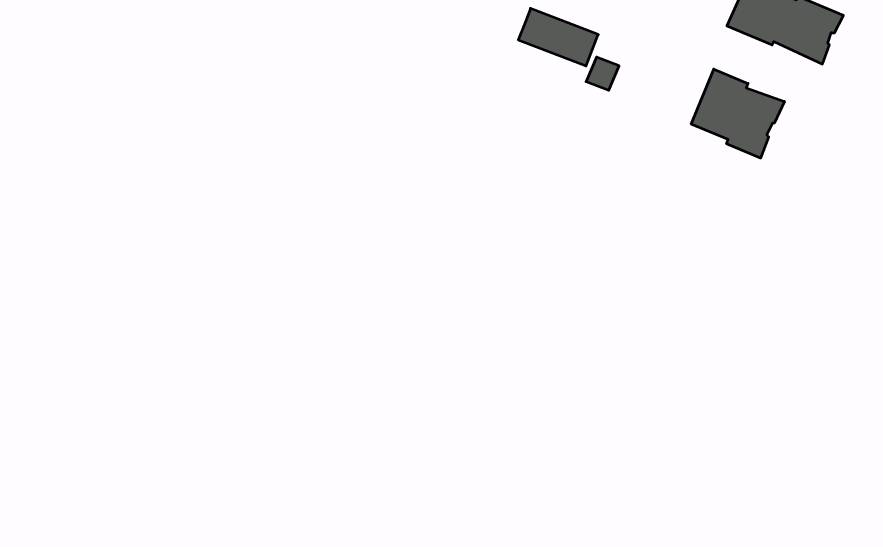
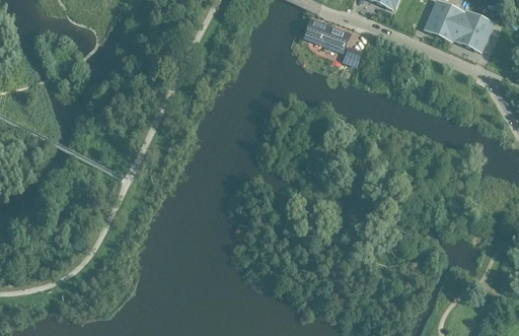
building: [691,69,784,158] -> none

